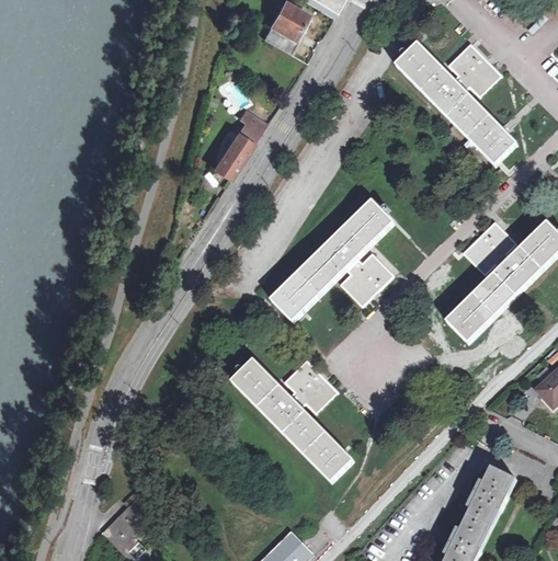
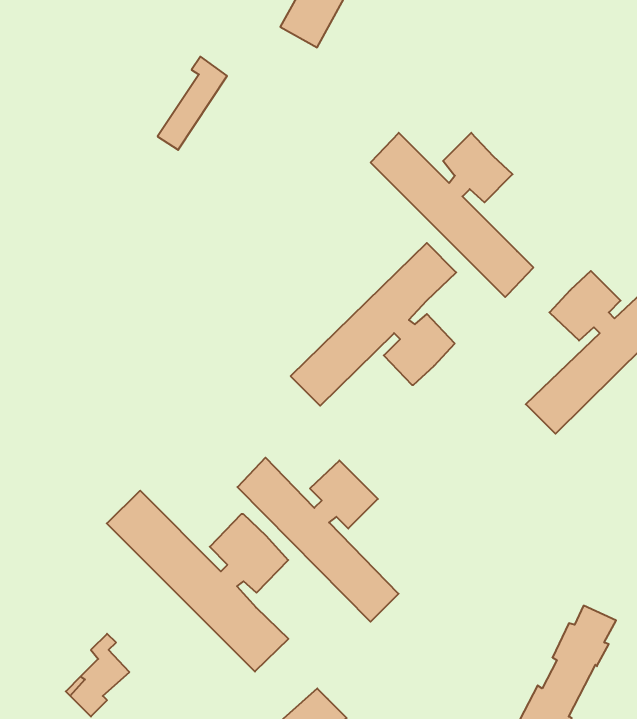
building: [396,42,516,163] -> [371,133,533,297]
building: [215,111,266,180] -> [158,57,227,150]
building: none -> [107,491,288,672]

